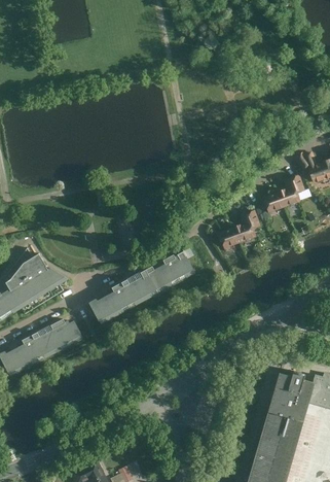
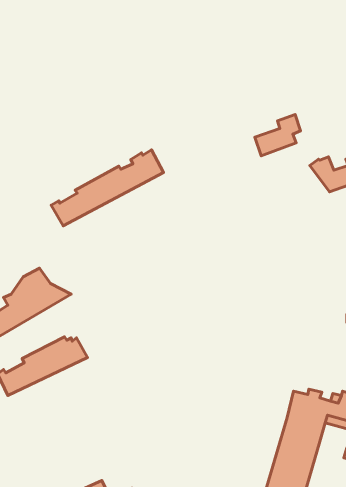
building: [261,173,304,212] -> [255,114,300,156]
building: [218,208,260,247] -> none
building: [89,250,195,322] -> [51,150,163,226]

